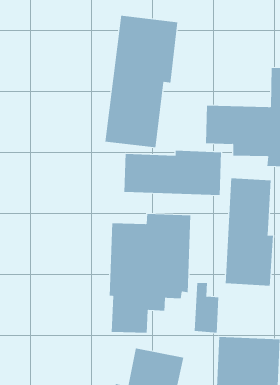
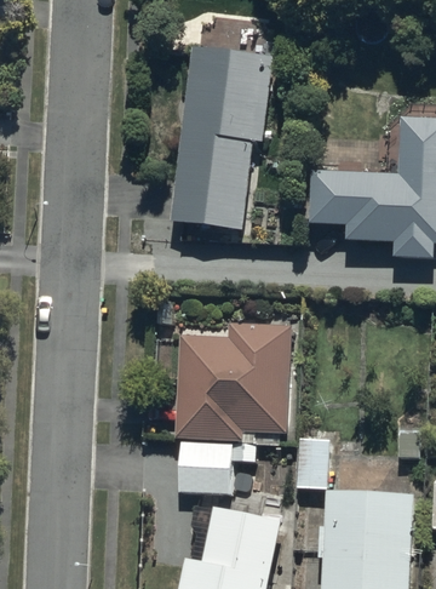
building: [124,150,222,196] -> none
building: [225,178,274,286] -> none

